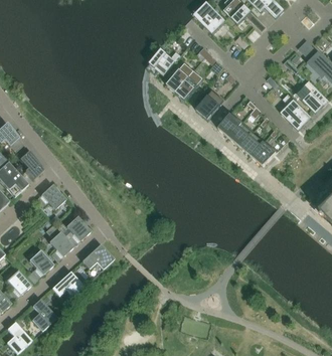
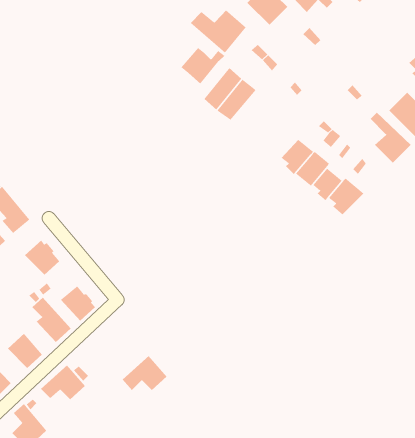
building: none -> [190,10,246,53]
building: [194,90,223,120] -> none
building: [80,242,113,268] -> [122,355,168,391]

